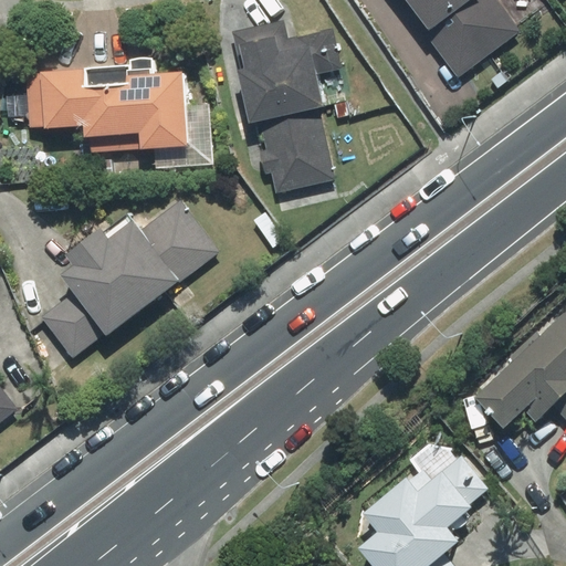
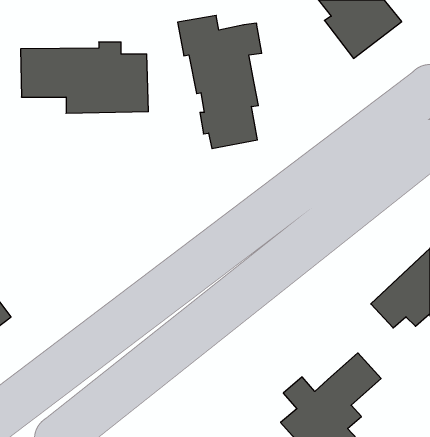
building: [38,202,209,356] -> none

